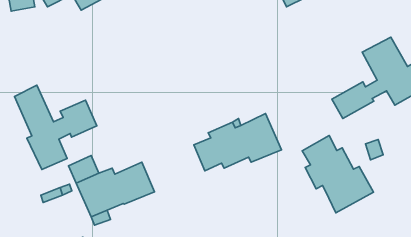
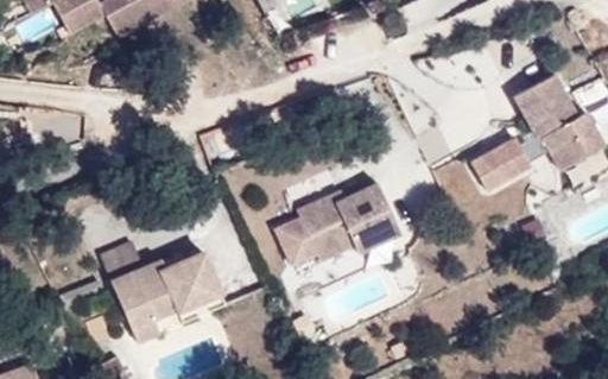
building: [14,85,97,170] -> none
building: [302,136,374,213] -> none

